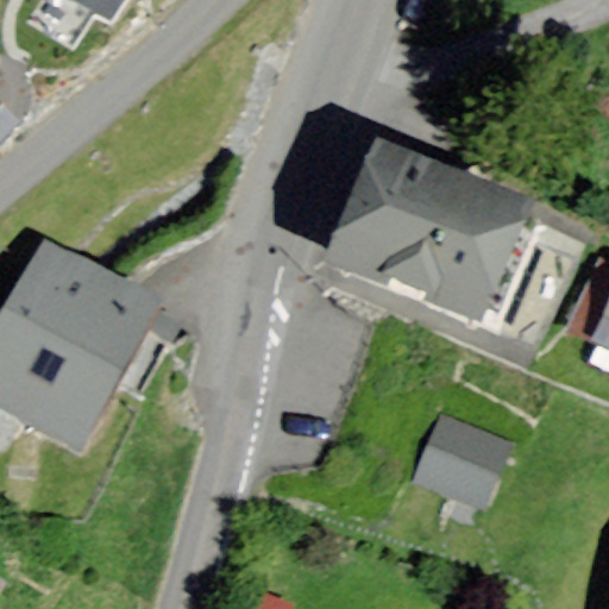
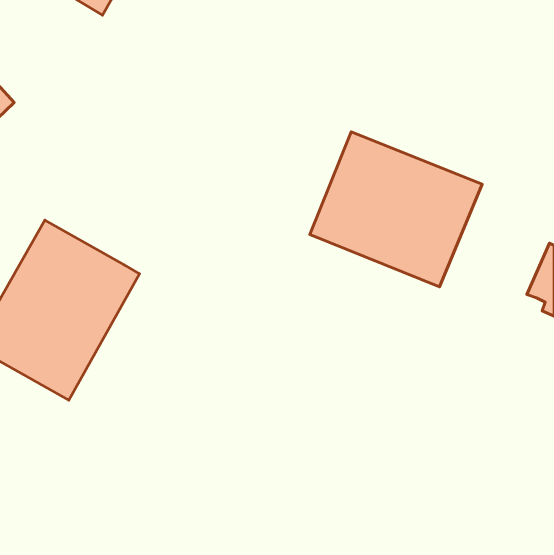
building: [408,416,510,515] -> none

